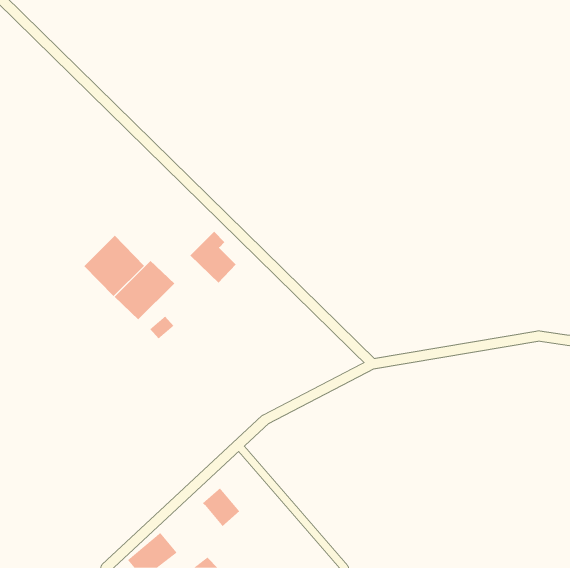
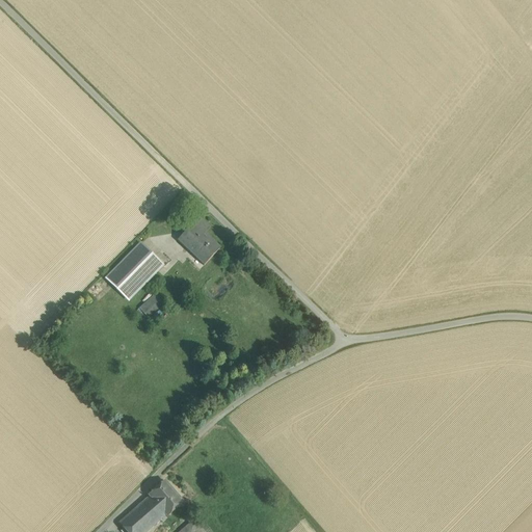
building: [84,235,145,297] -> none
building: [202,488,240,527] -> [148,479,183,515]

